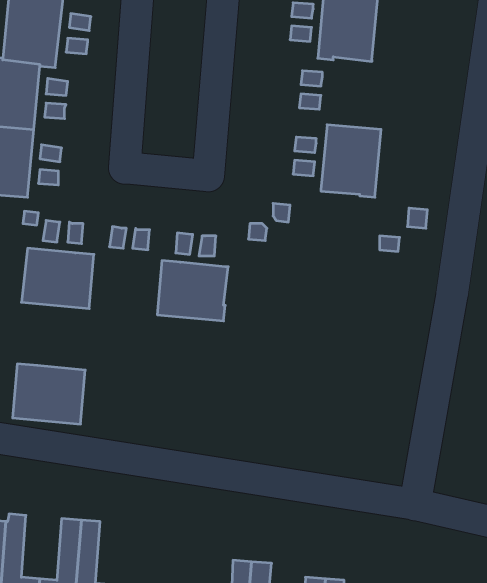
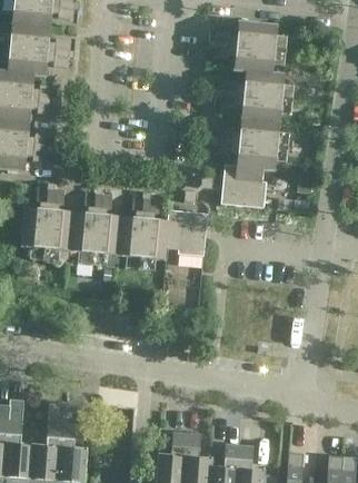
building: none -> [240,69,285,121]
building: none -> [221,164,266,207]
building: none -> [166,209,208,256]
building: [13,364,85,424] -> [69,211,121,255]

